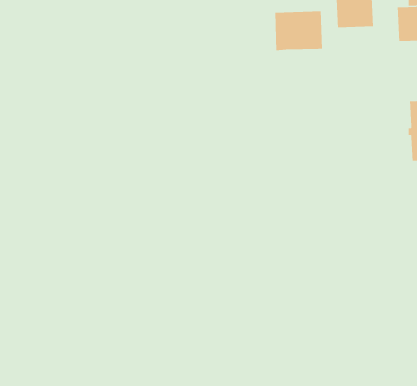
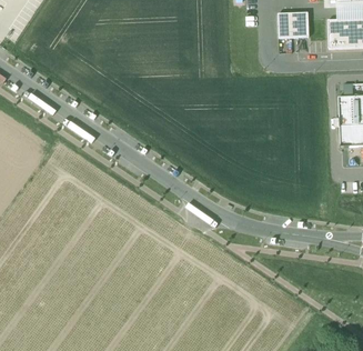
building: [274,10,323,51] -> none

